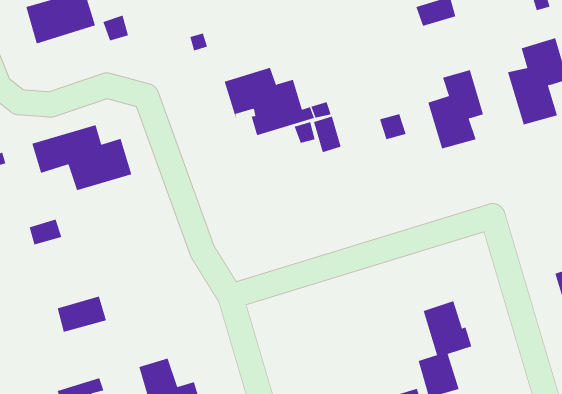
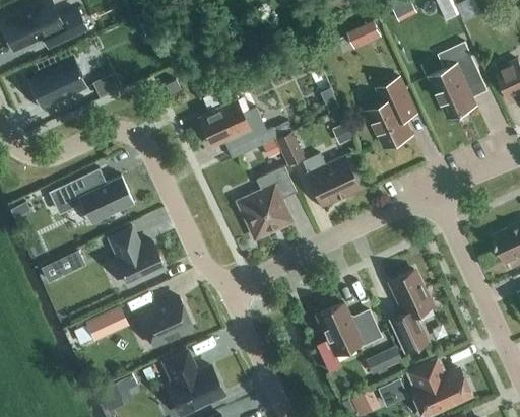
building: none -> [303,154,360,208]
building: none -> [237,166,296,239]
building: none -> [107,227,165,286]
building: none -> [136,294,194,349]
building: none -> [316,303,382,355]

